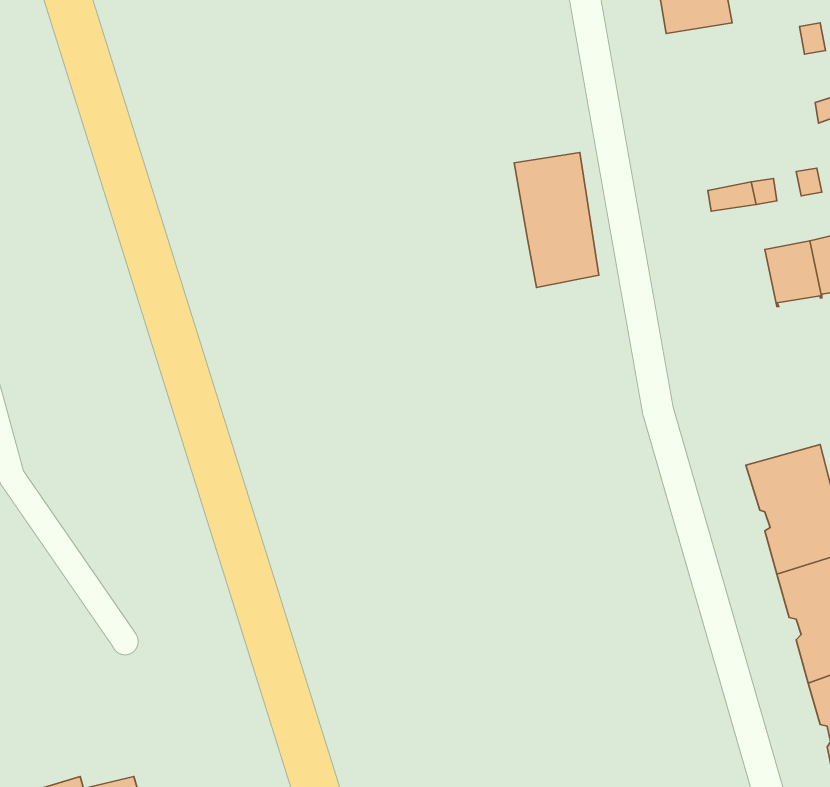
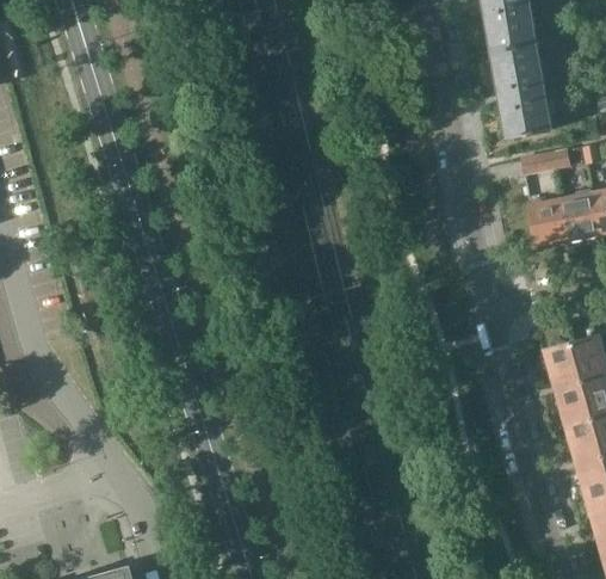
building: [514,153,599,287] -> [491,44,550,137]
building: none -> [530,201,568,246]

